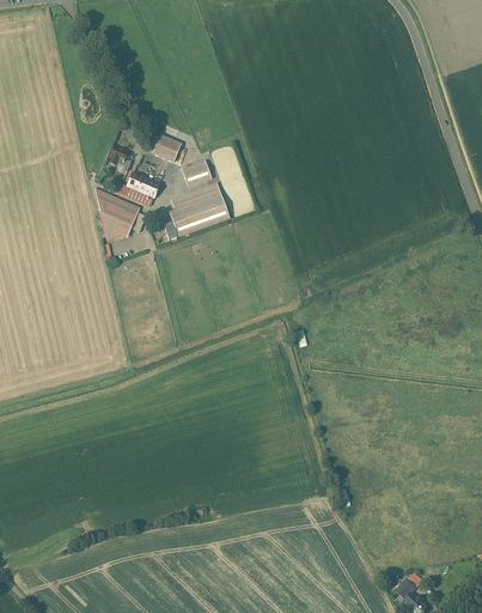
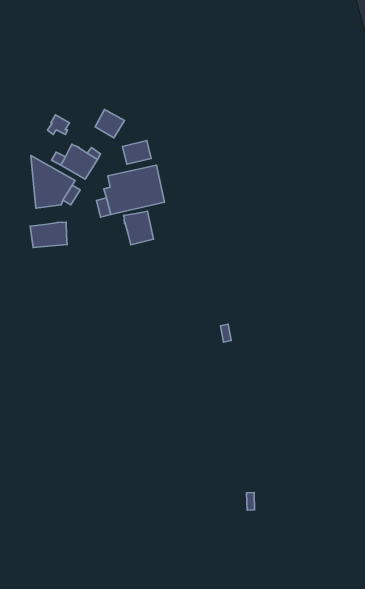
building: none -> [124,211,154,245]
building: none -> [30,222,67,248]

